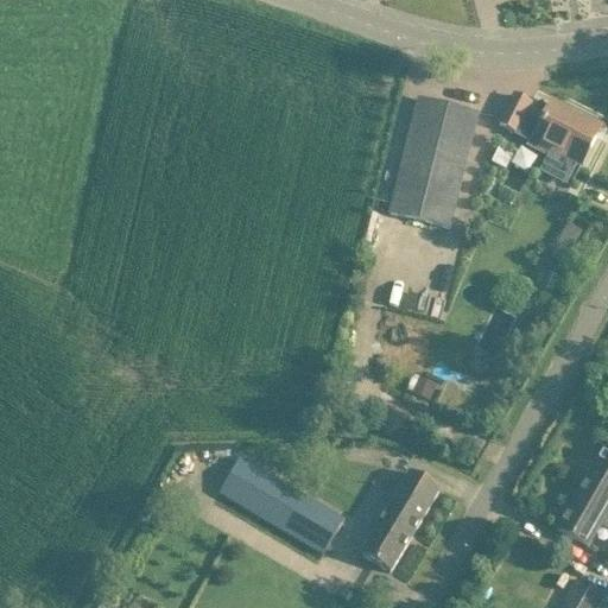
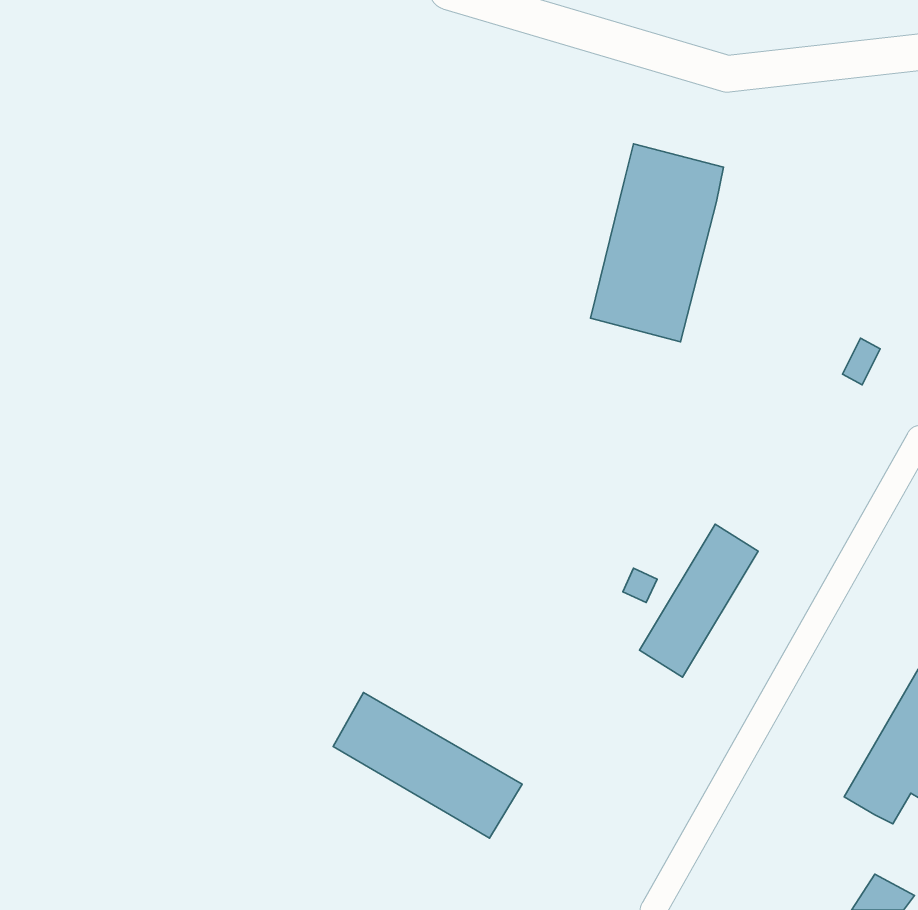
building: [500,91,597,180] -> none
building: [362,469,441,570] -> [639,524,758,677]

